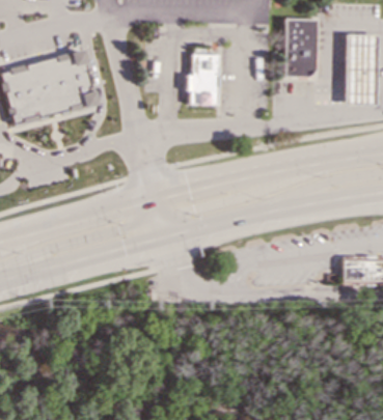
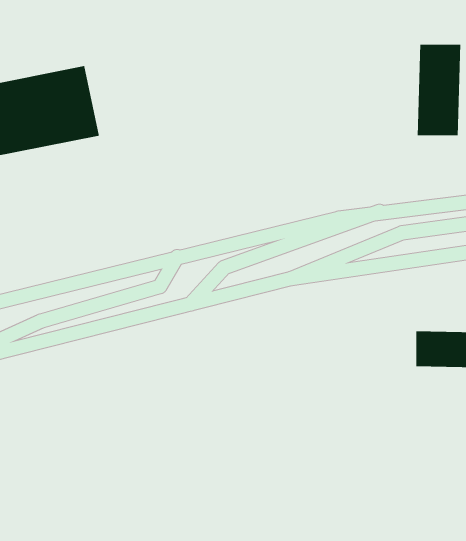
building: [282,18,319,81] -> none
building: [187,53,218,104] -> none

